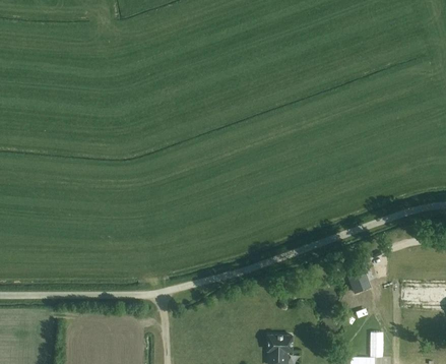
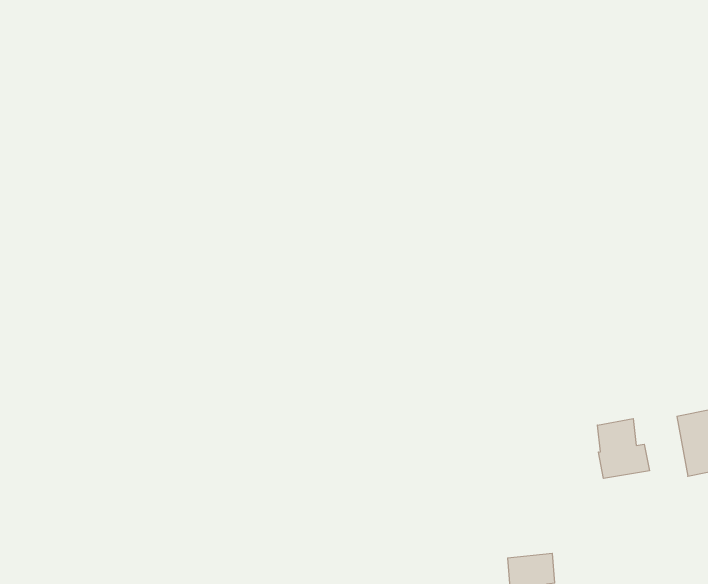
building: none -> [597,419,649,478]

